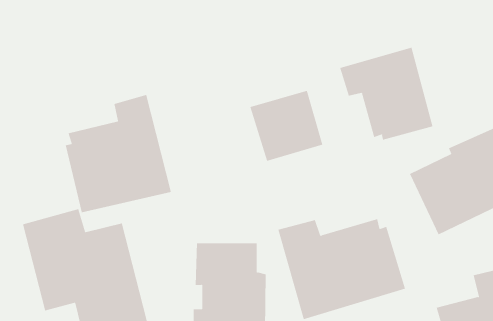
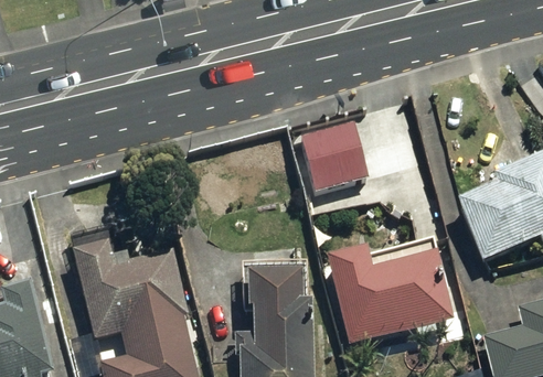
building: [340,47,433,140] -> none
building: [65,94,172,213] -> none

